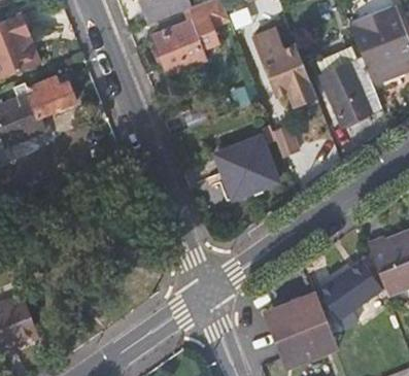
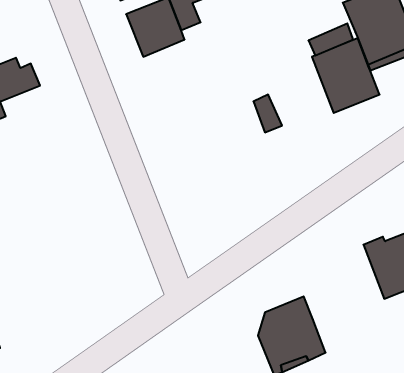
building: [254,32,312,98] -> none
building: [215,134,279,201] -> none
building: [313,258,381,328] -> none

